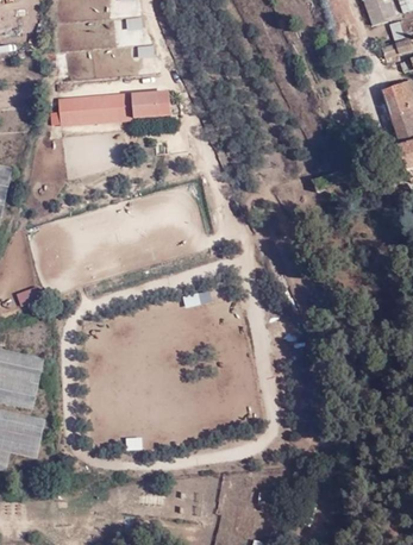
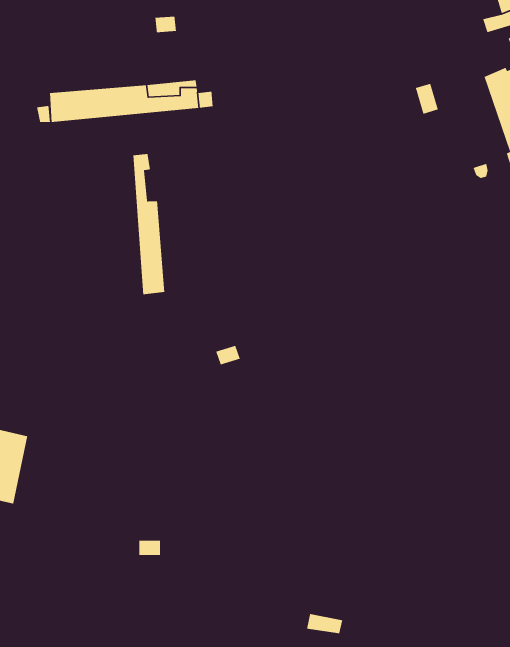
building: none -> [133,153,165,295]

